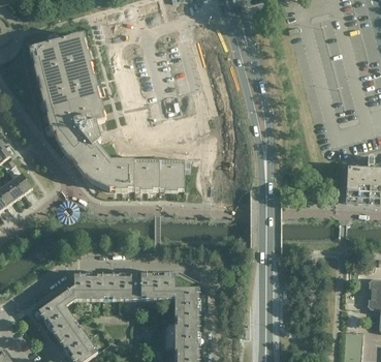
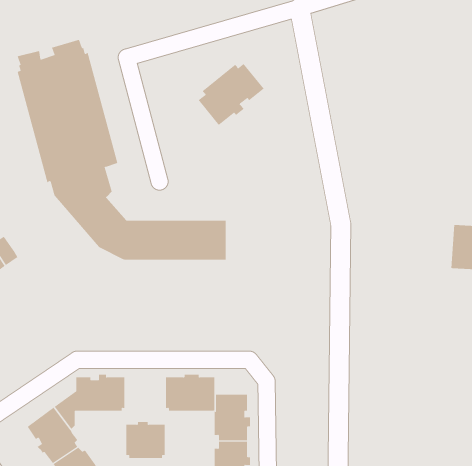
building: none -> [198,63,265,126]
building: [109,272,138,299] -> [126,421,166,458]

